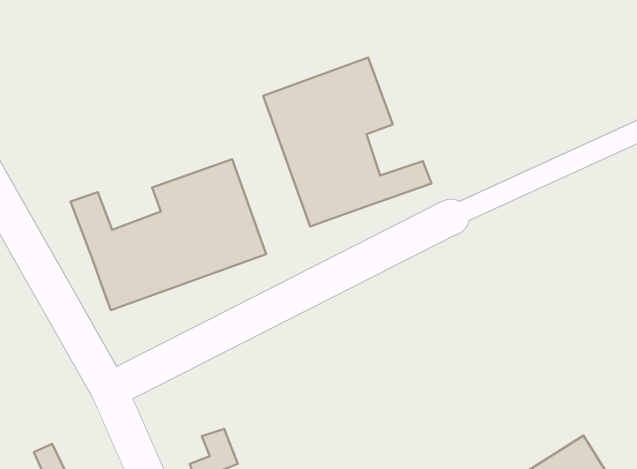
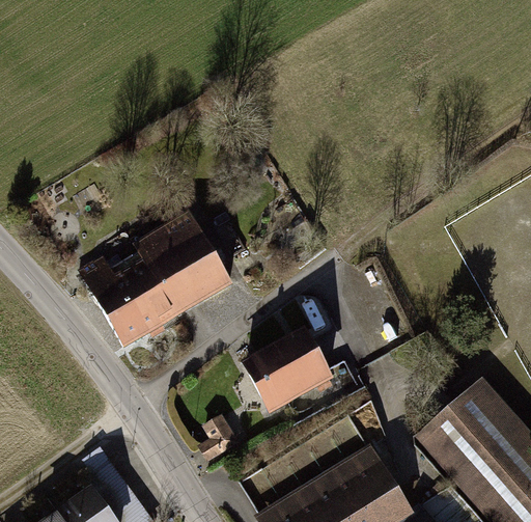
building: [263,58,431,226] -> none
building: none -> [247,325,337,409]

